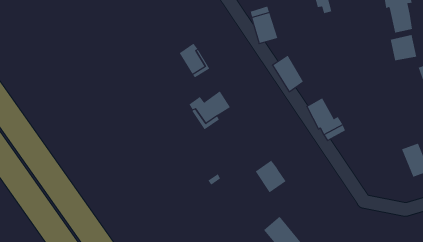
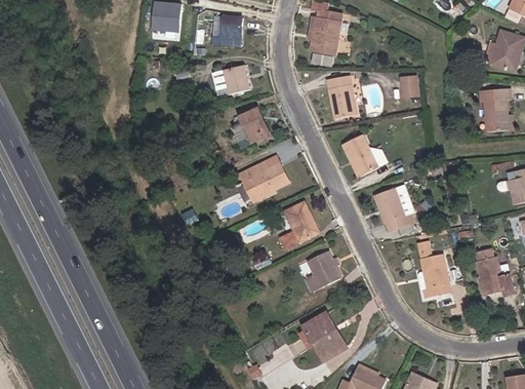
building: none -> [220,65,247,94]
building: [390,34,417,61] -> none
building: none -> [277,203,316,252]
building: none -> [417,257,451,302]

